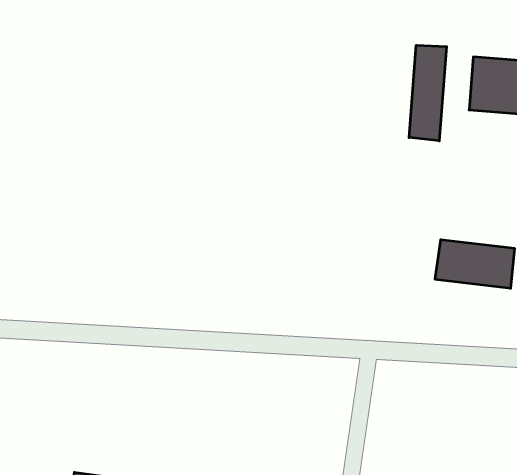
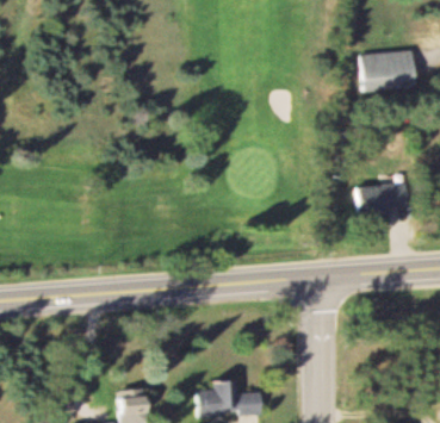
building: [409,45,447,141] -> none

